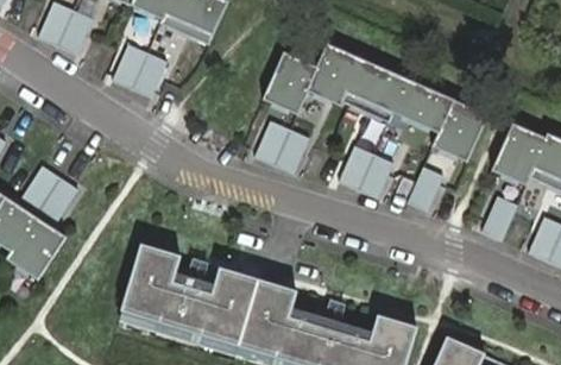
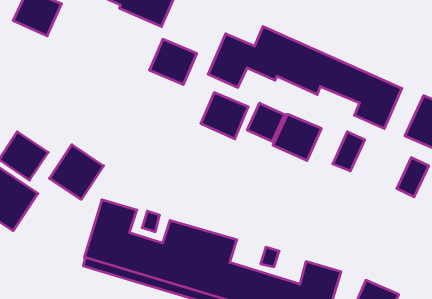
building: [113,44,168,96] -> [149,39,197,85]
building: none -> [247,103,285,141]
building: none -> [49,145,104,199]

